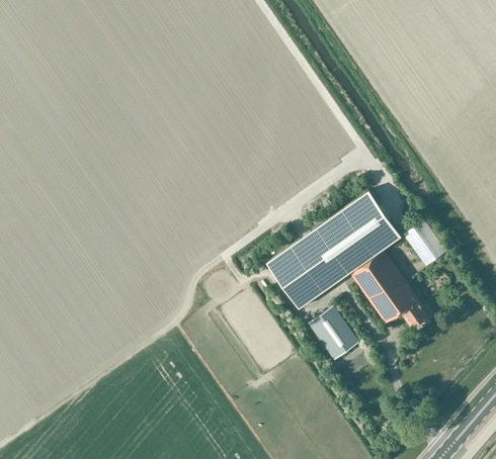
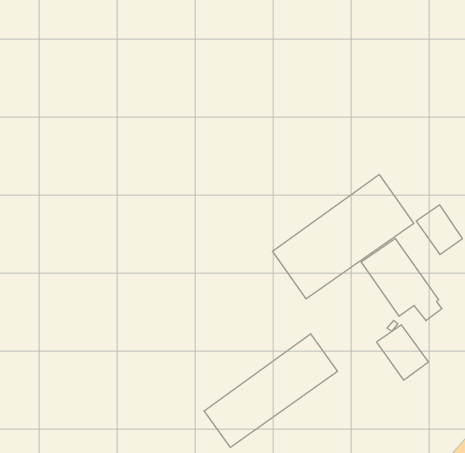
building: [310,307,358,359] -> [377,325,428,380]
building: none -> [204,334,337,447]

